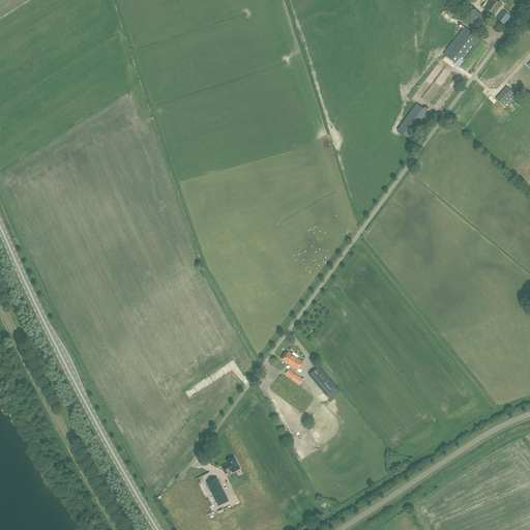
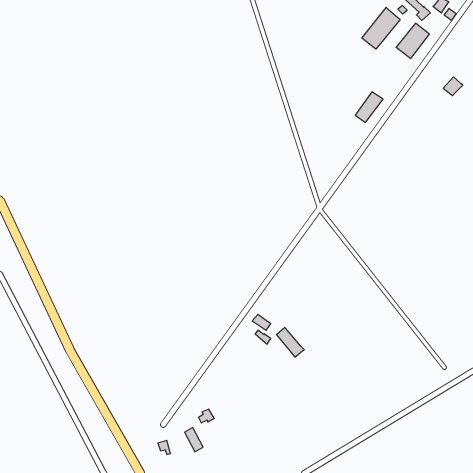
building: none -> [362,7,400,49]

